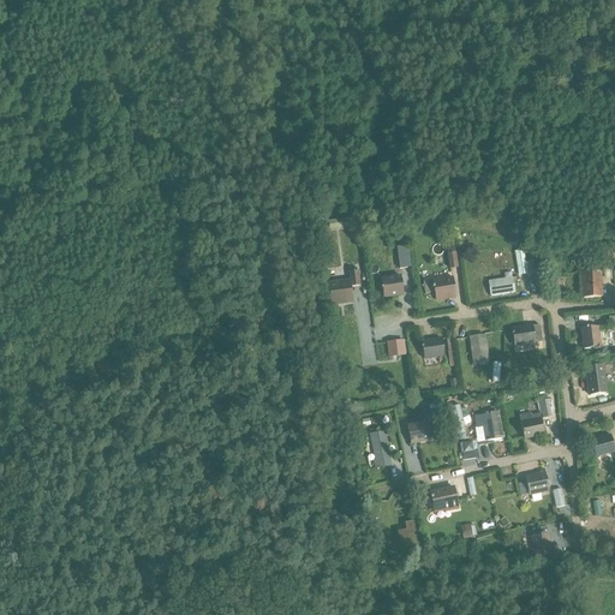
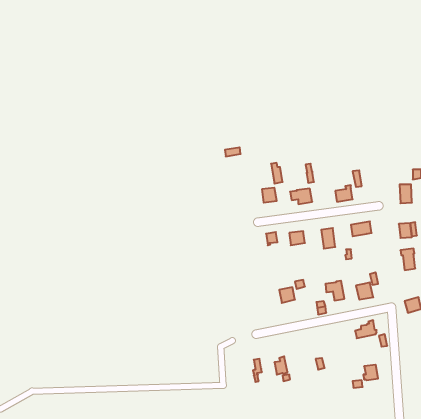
building: [328,268,360,303] -> none
building: [370,429,390,466] -> none
building: [430,484,459,512] -> none

